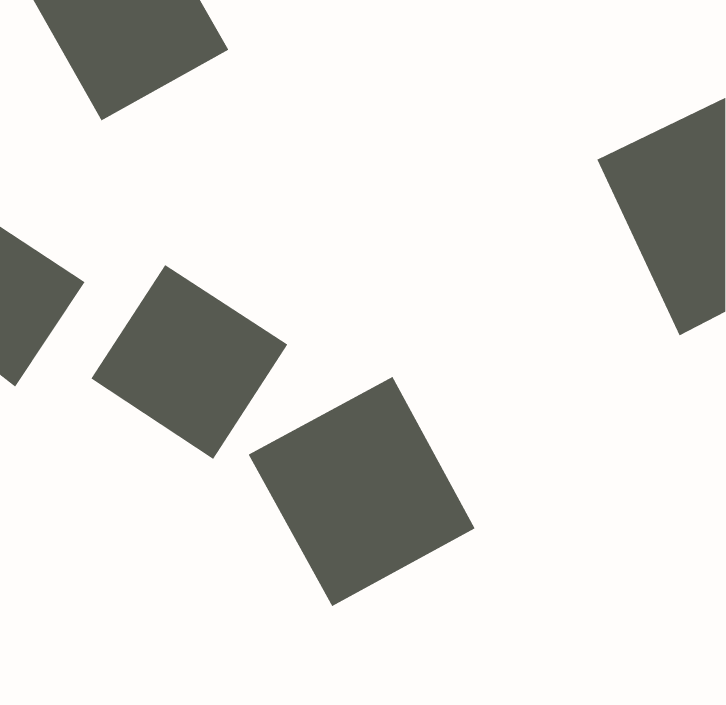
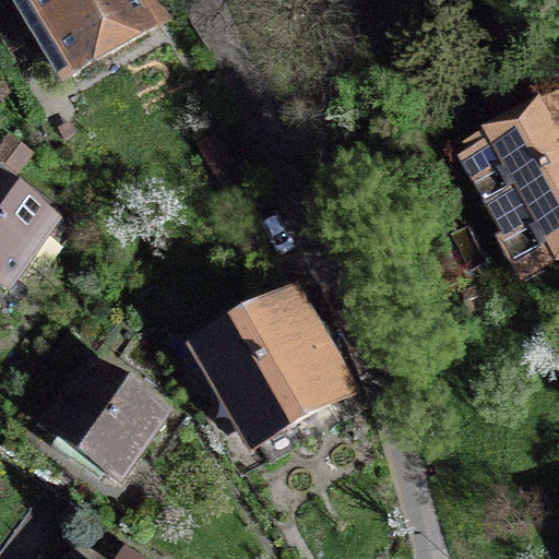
building: [91,264,288,460] -> none
building: none -> [36,350,174,484]

